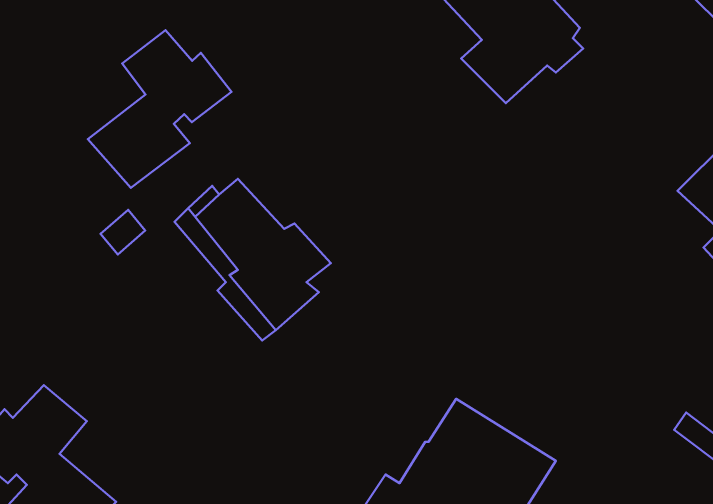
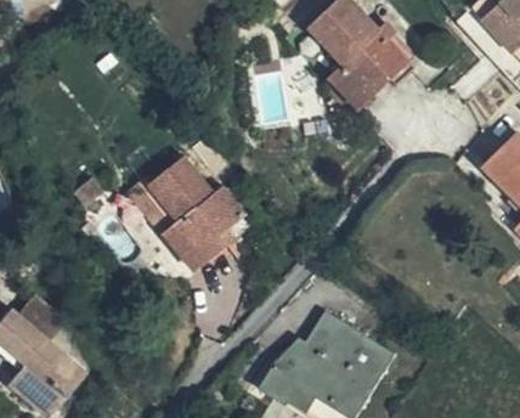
building: [88,30,232,188] -> none

